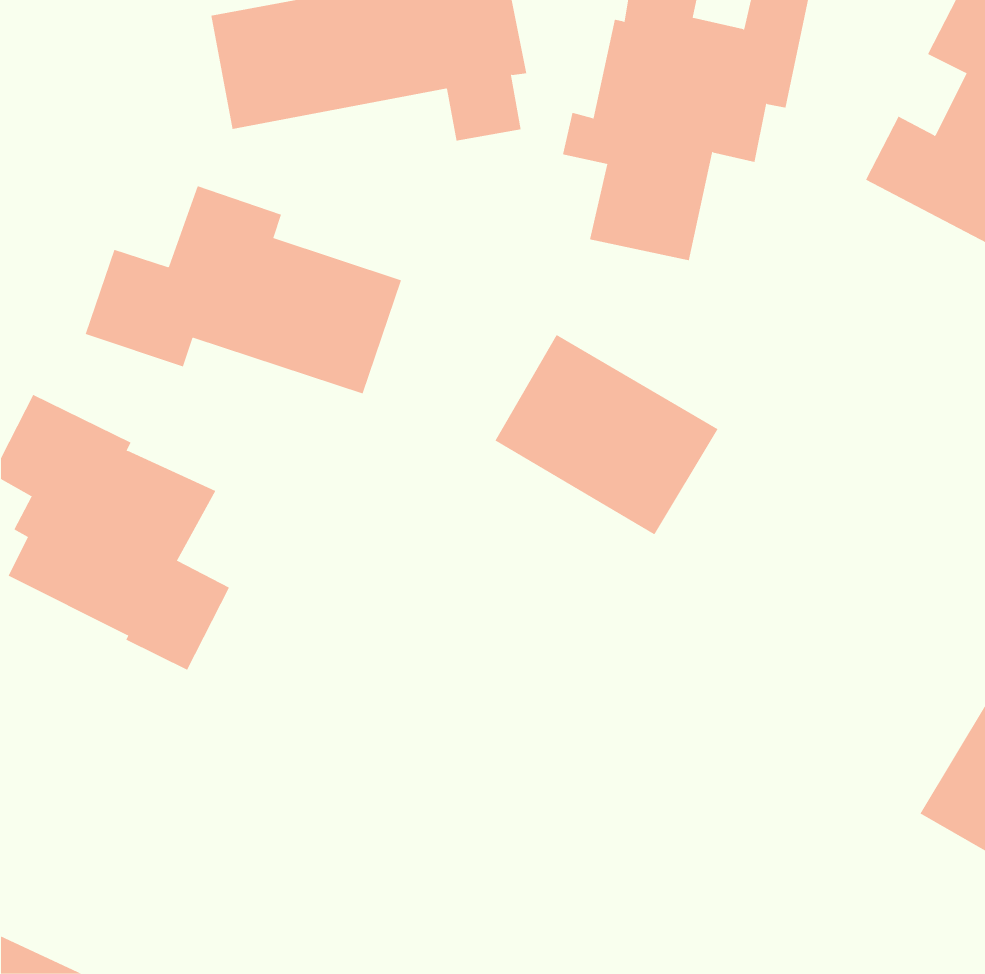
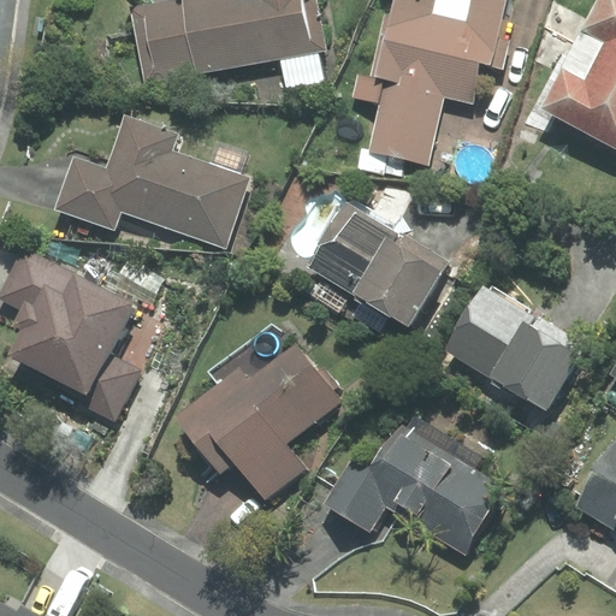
building: none -> [442,284,586,414]
building: none -> [174,345,340,499]
building: none -> [316,419,504,552]

